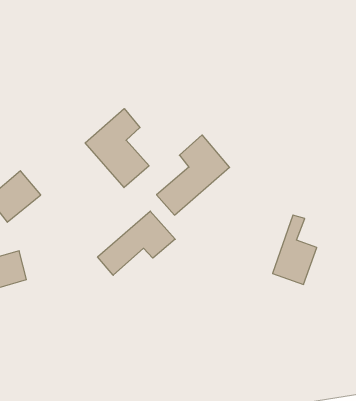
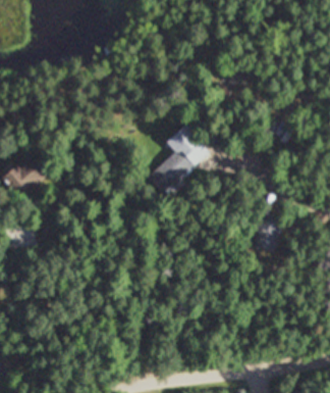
building: [85,109,149,188] -> none
building: [98,211,175,275] -> none

